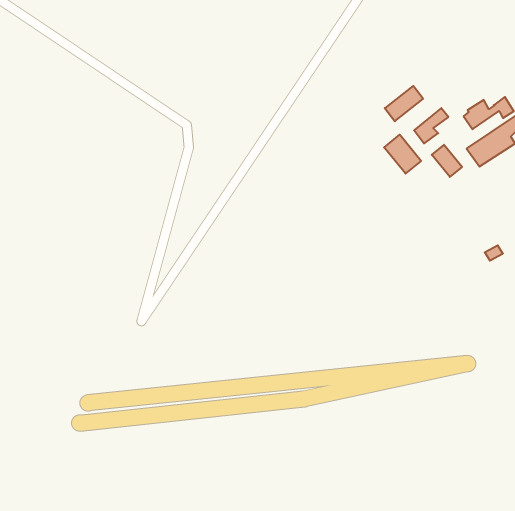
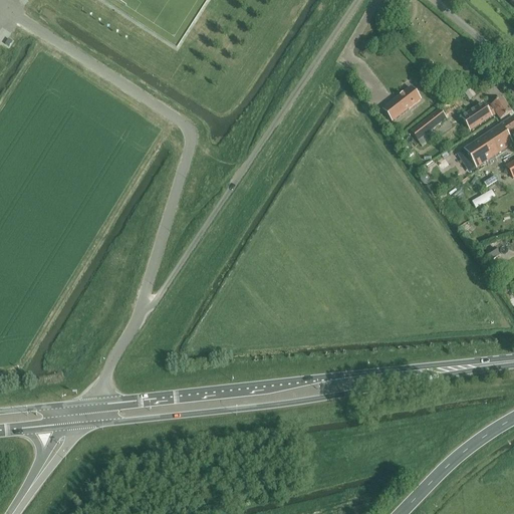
building: [384,135,421,174] -> none
building: [432,145,462,177] -> none

